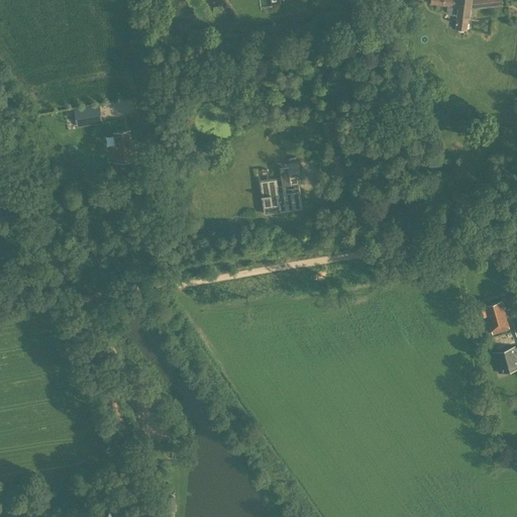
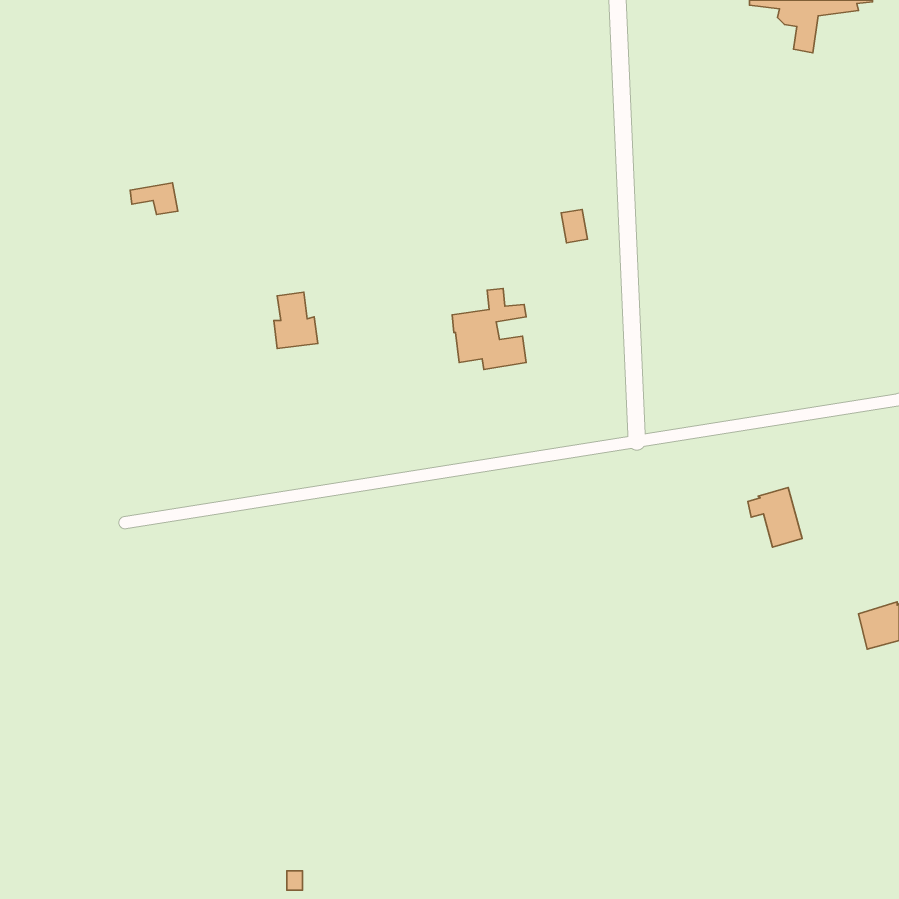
building: [112,130,137,163] -> [274,292,318,349]
building: [478,300,509,334] -> [748,487,802,547]

